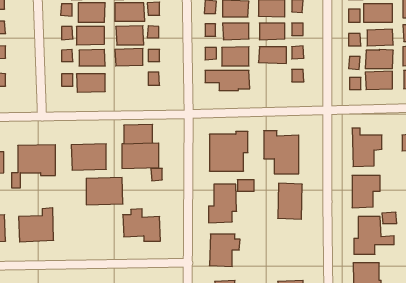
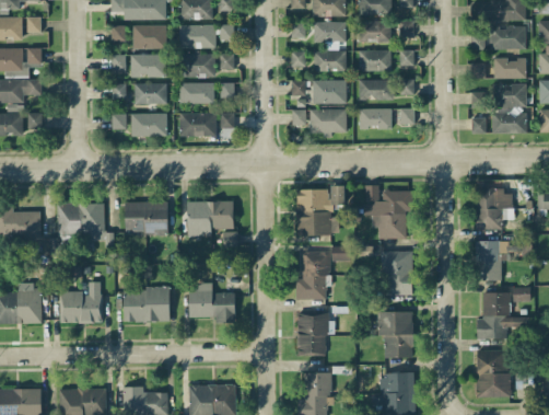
building: none -> [360,108,393,129]
building: [124,124,153,144] -> [180,113,217,137]
building: [86,178,123,205] -> [125,288,171,322]
building: none -> [378,311,413,358]

